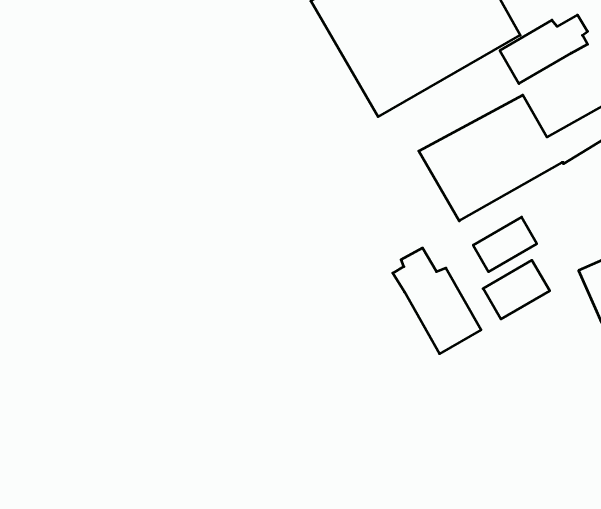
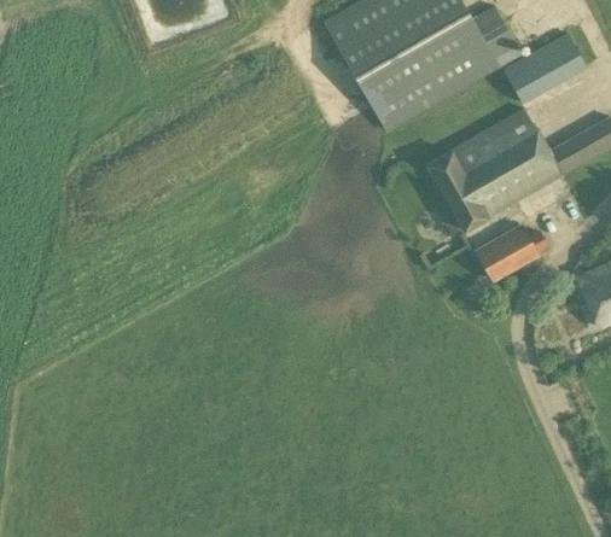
building: [393,248,481,354] -> none
building: [483,260,550,319] -> none

